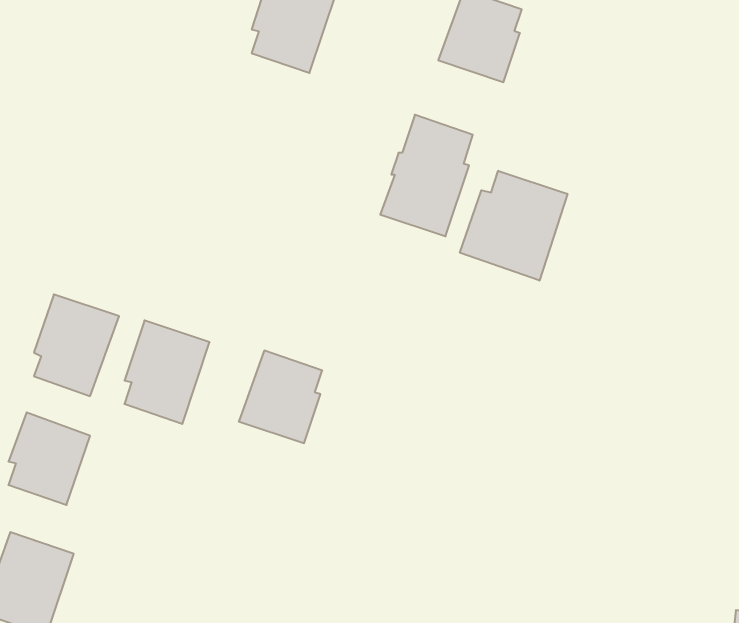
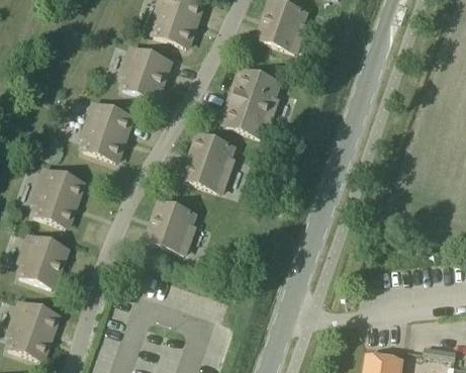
building: none -> [123,46,170,98]
building: [460,171,567,281] -> none
building: none -> [184,133,232,191]
building: [124,320,210,424] -> [84,102,131,160]

